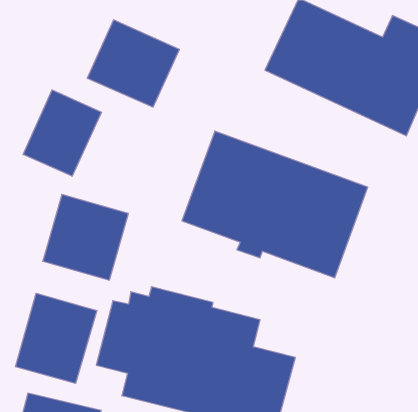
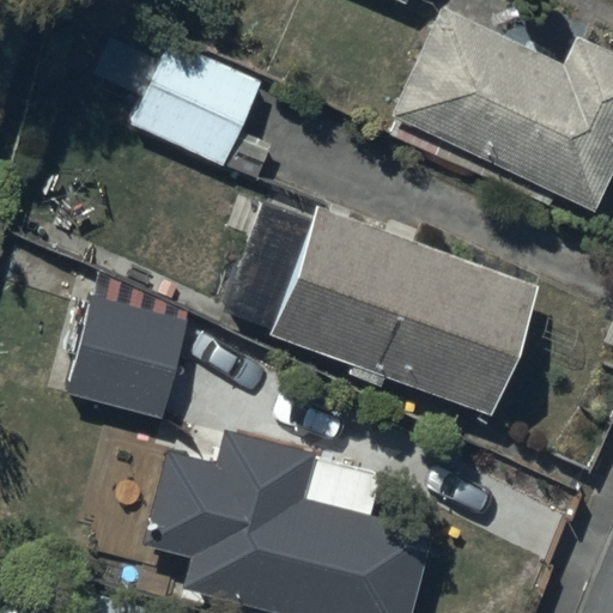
building: [23,90,102,176] -> none
building: [15,293,97,383] -> none

